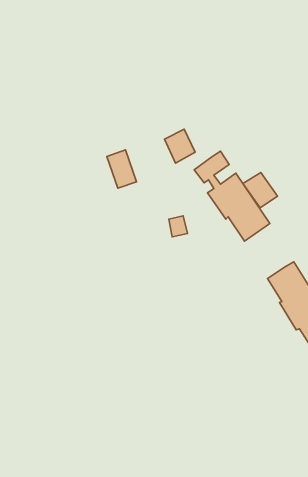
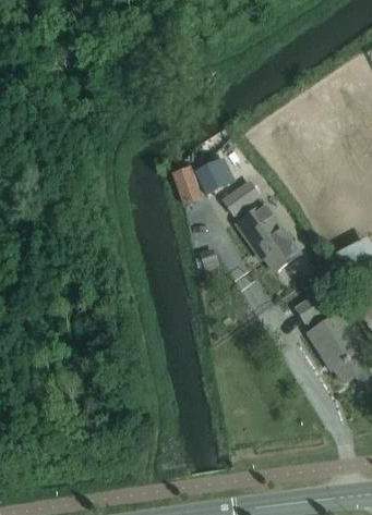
building: [107,150,137,188] -> [175,168,204,206]
building: [243,173,277,208] -> none

